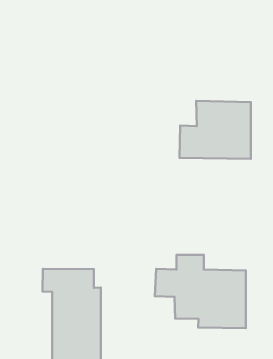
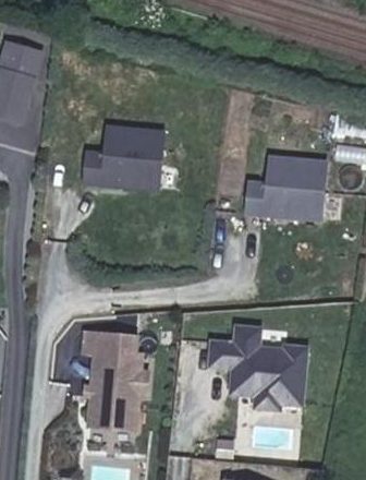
building: none -> [81,124,166,191]

